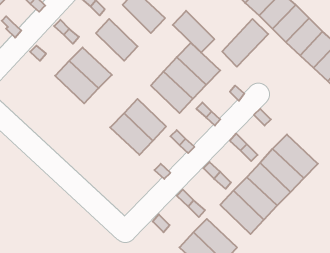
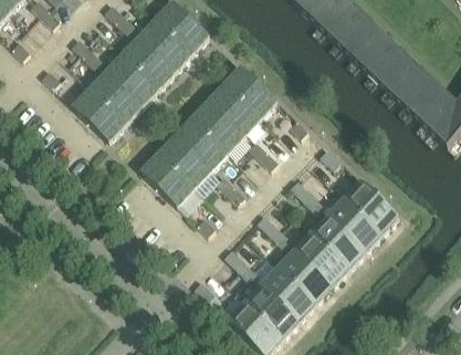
building: [173,11,214,53] -> [139,17,191,69]
building: [222,19,268,67] -> none
building: none -> [106,52,158,104]
building: none -> [175,117,227,168]
building: none -> [261,265,315,319]

